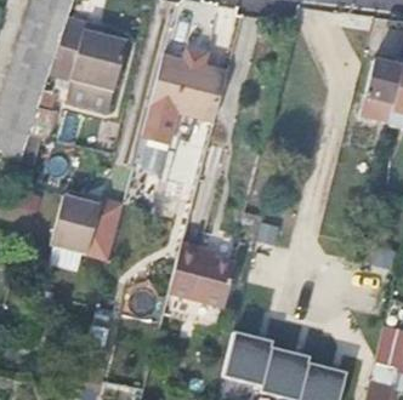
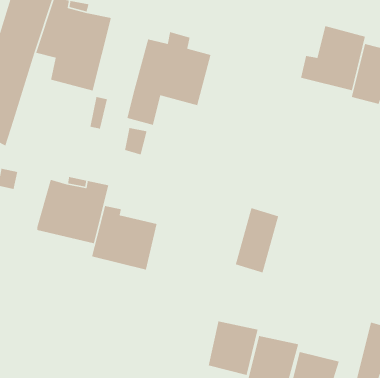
building: none -> [300,25,366,91]
building: [168,239,233,303] -> [91,205,158,270]

